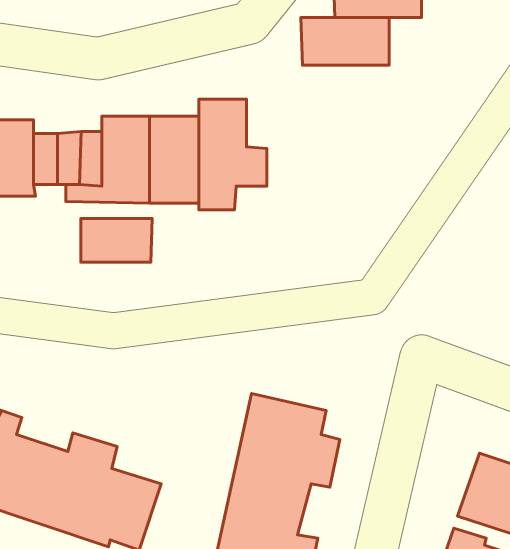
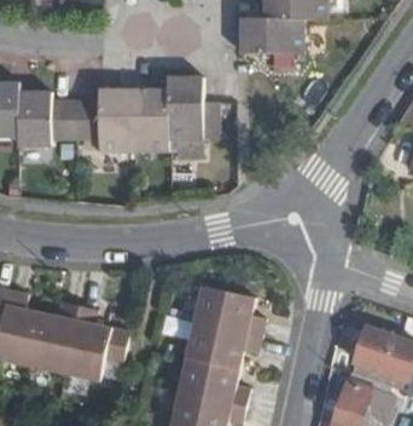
building: [81,219,152,262] -> none

